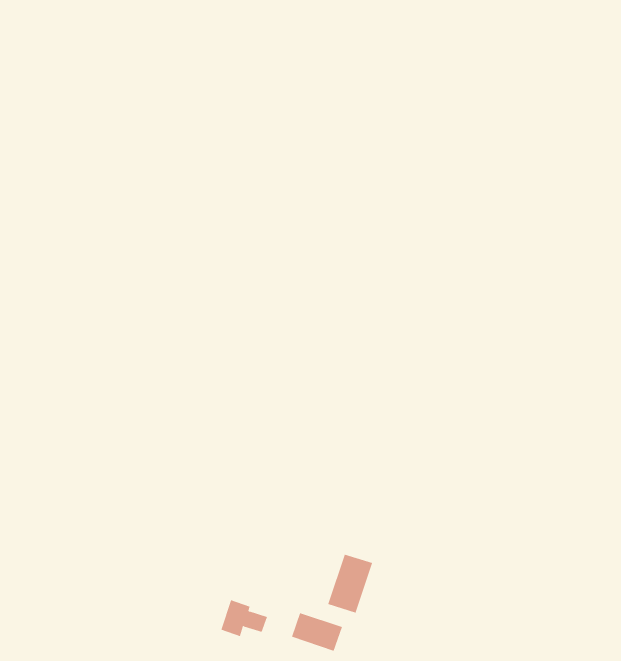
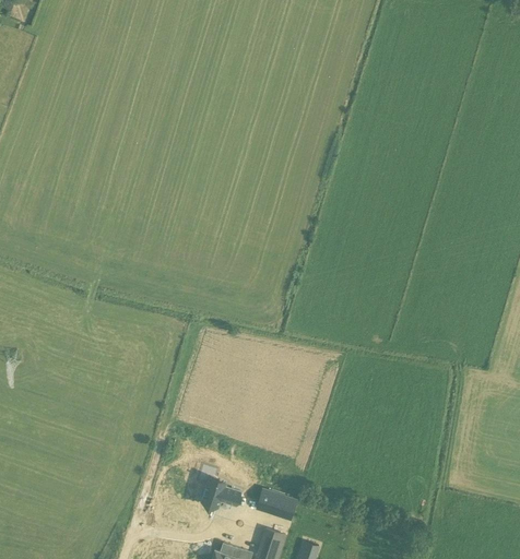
building: [327,554,373,614] -> none

